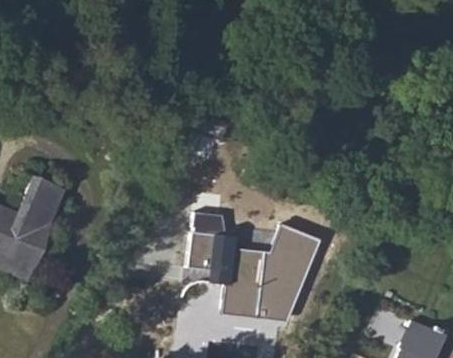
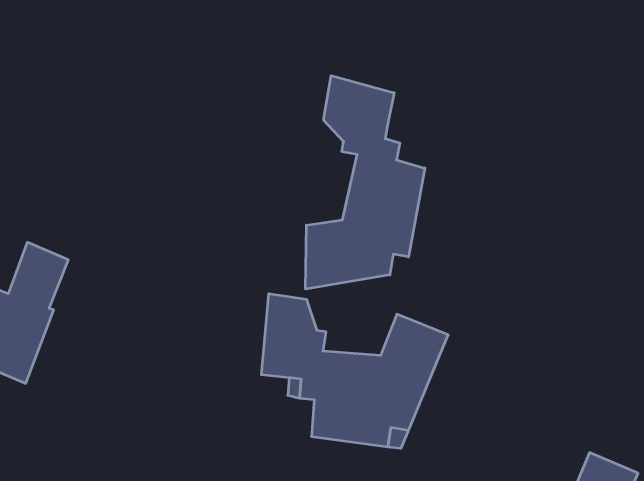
building: none -> [306,76,425,289]

